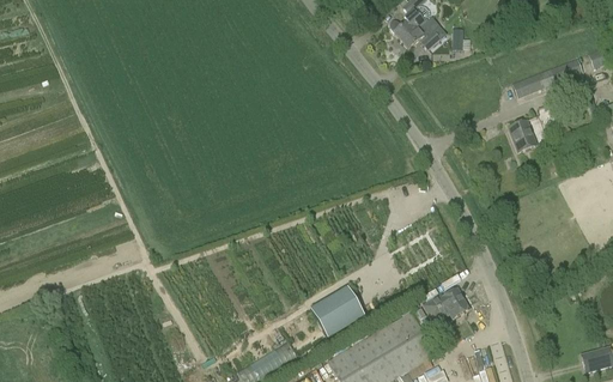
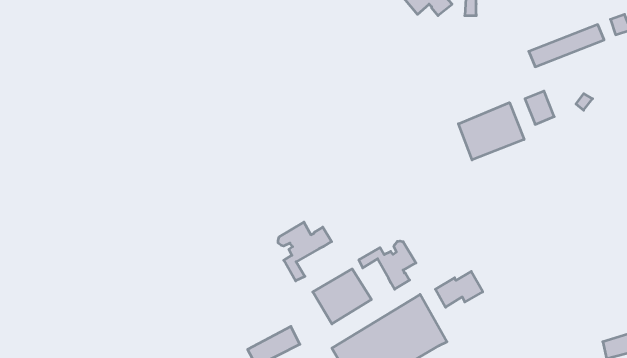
building: none -> [458,103,524,160]
building: none -> [278,222,332,281]
building: none -> [359,241,416,289]

